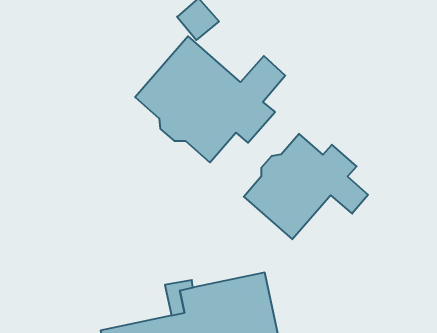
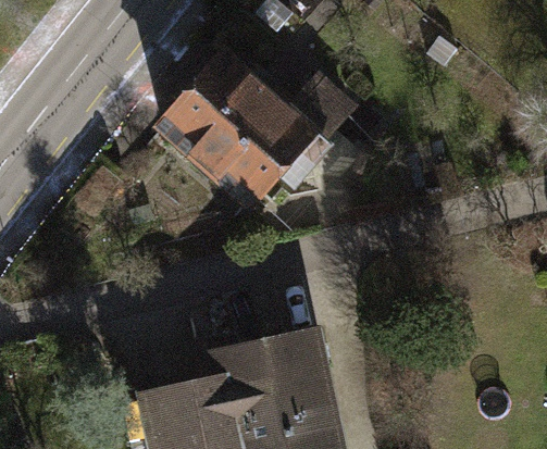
building: [244,134,368,239] -> none

